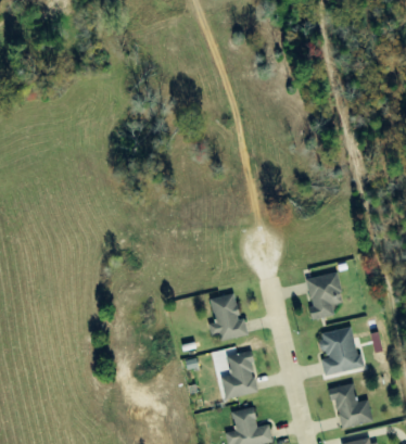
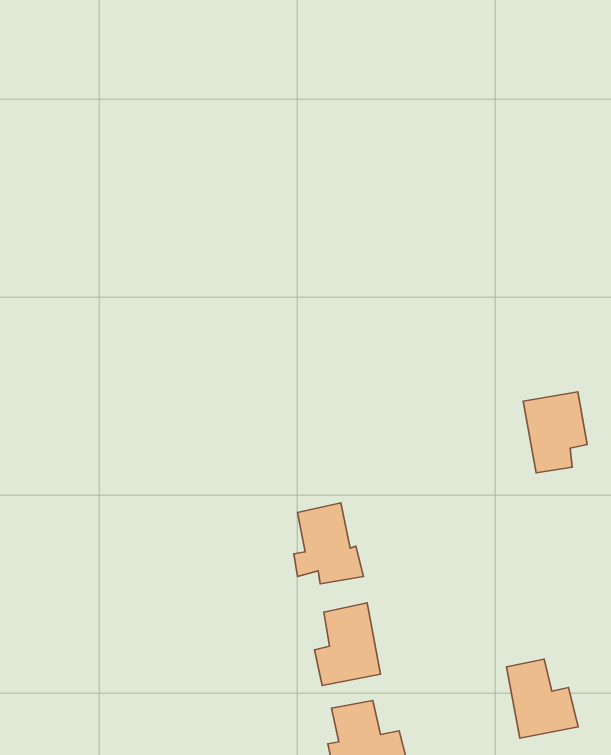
building: [305,272,342,319] -> [523,392,587,473]
building: [319,327,361,376] -> none

